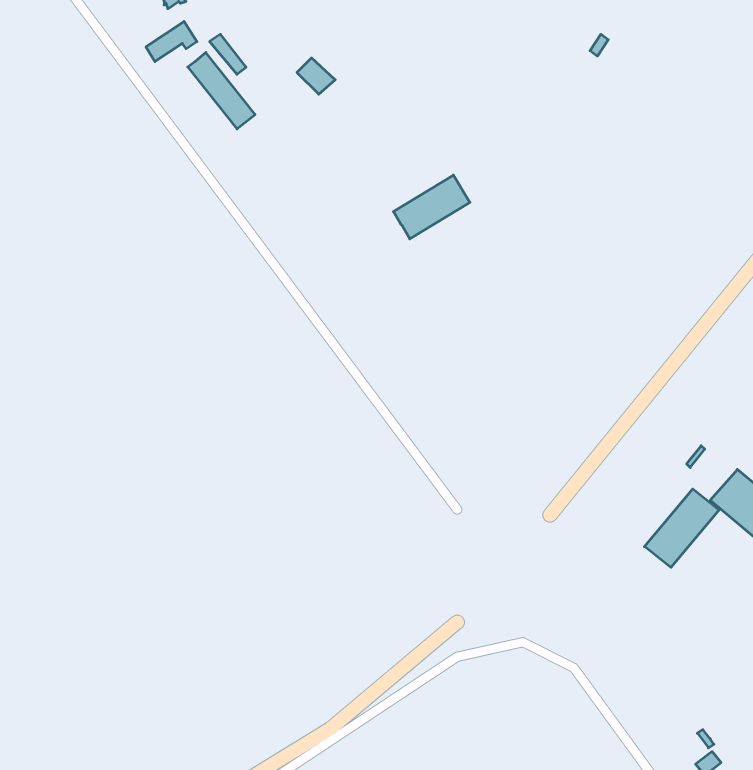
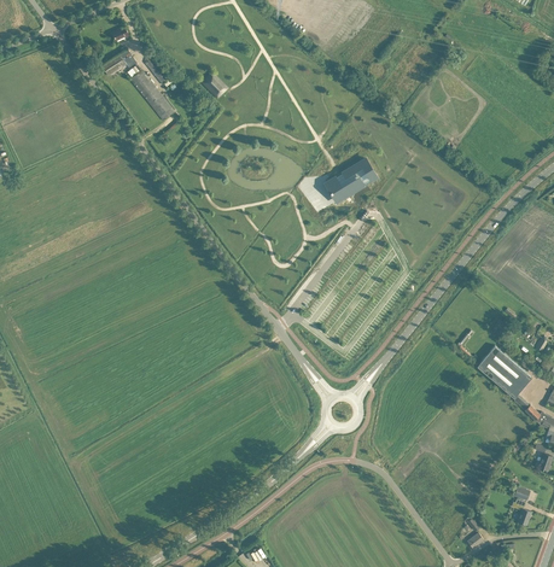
building: [393,175,470,239] -> [325,158,375,200]
building: [644,489,719,567] -> none

